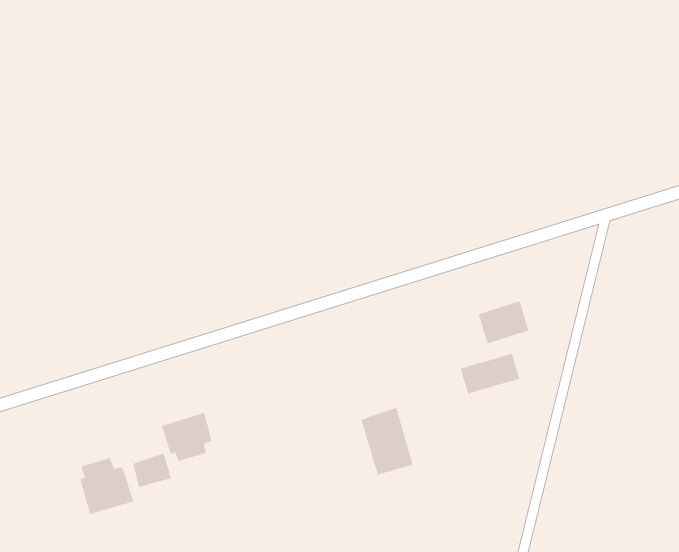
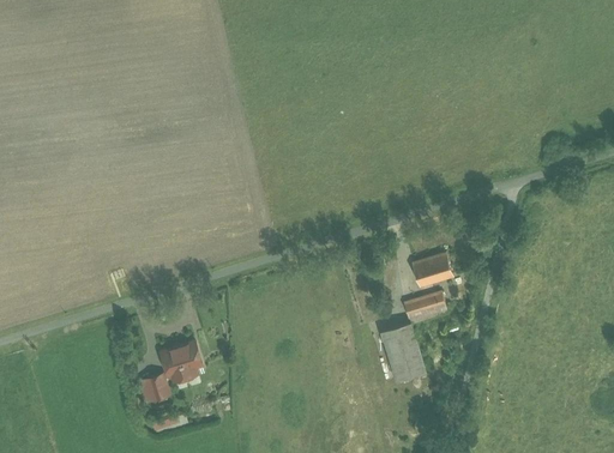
building: [361,407,413,475] -> [378,325,420,379]
building: [79,457,134,515] -> none

